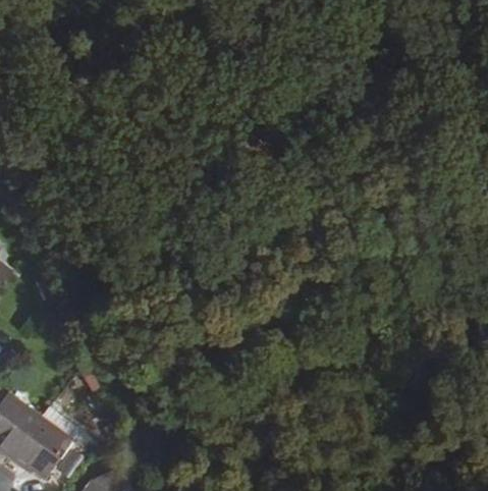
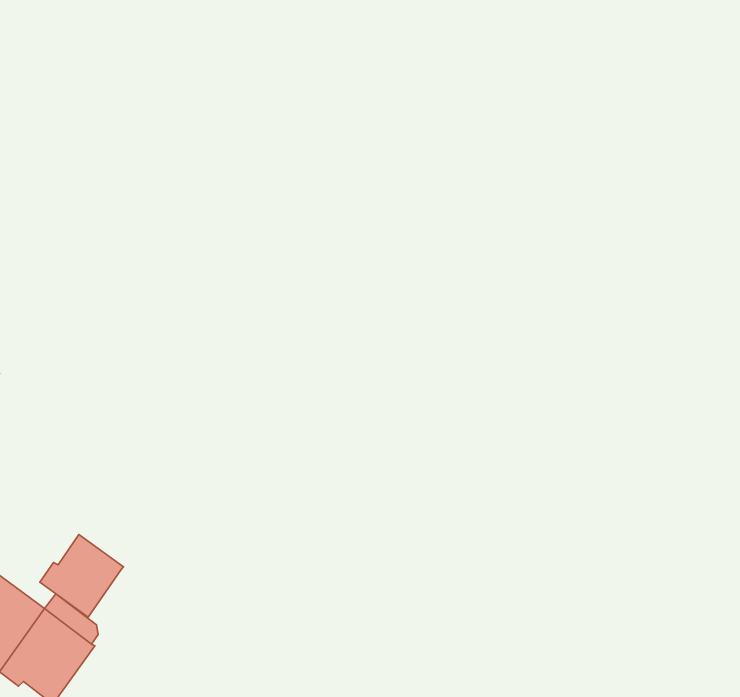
building: none -> [40,535,124,617]

